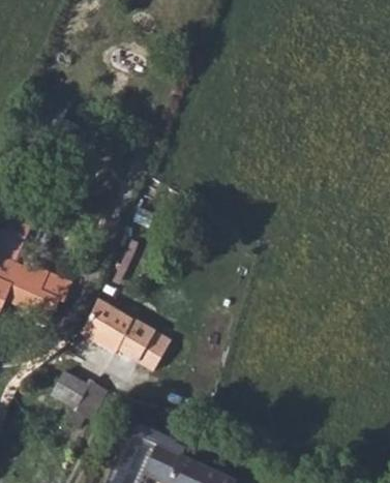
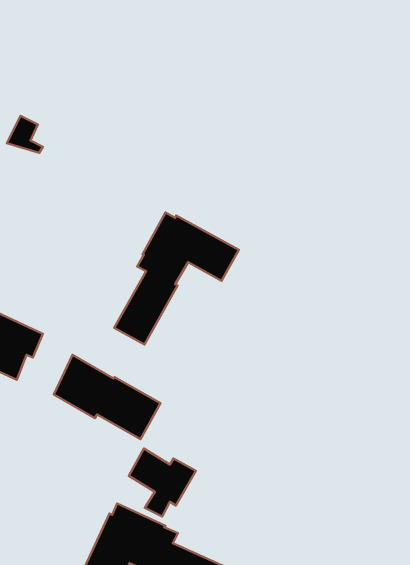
building: none -> [114,212,239,344]
building: [53,371,109,428] -> [129,449,196,517]

